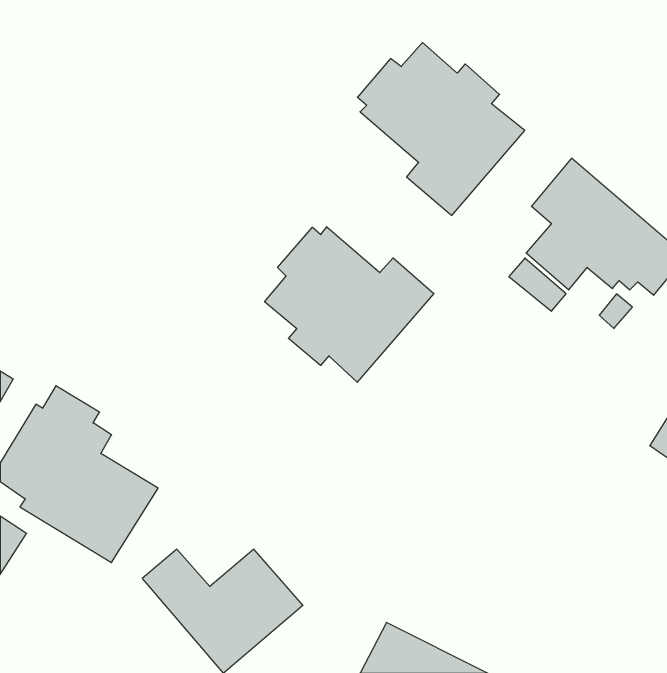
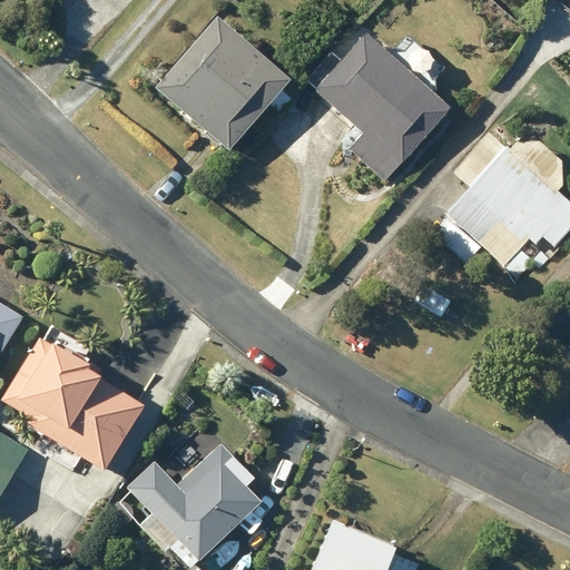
building: none -> [157,20,286,148]
building: [265,227,434,382] -> none

